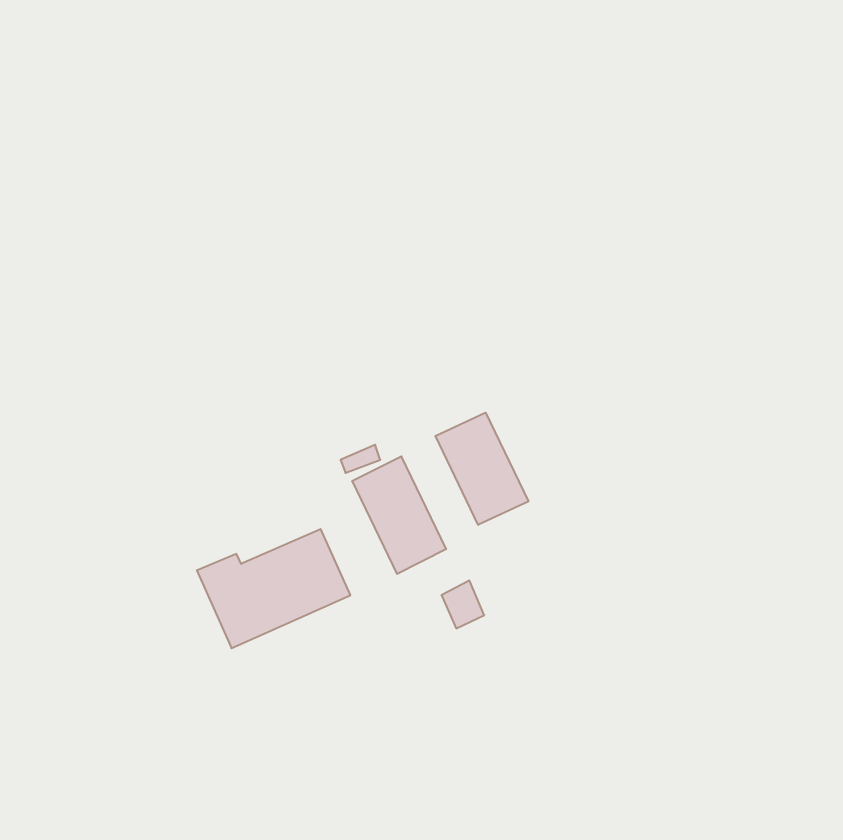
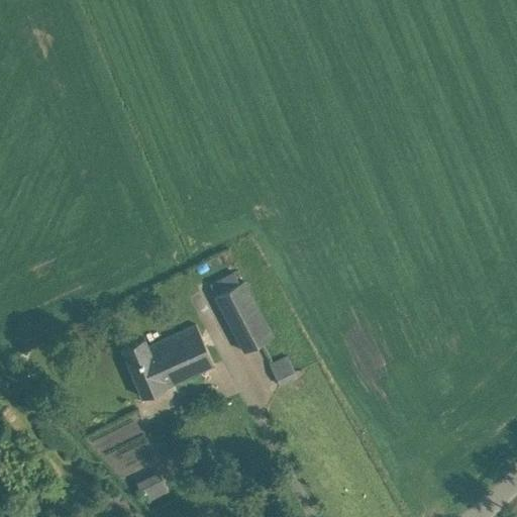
building: [435,413,528,525] -> none
building: none -> [137,473,166,502]

